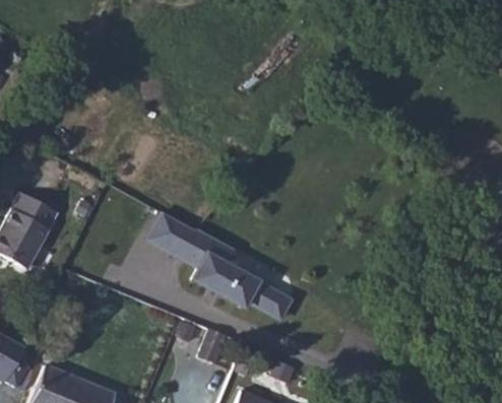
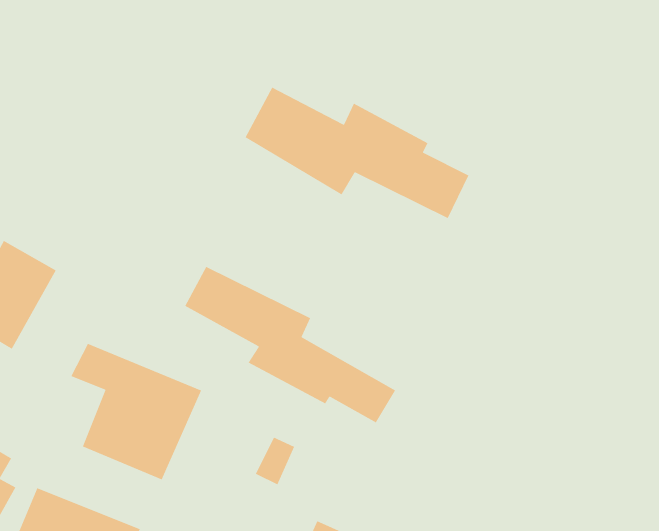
building: none -> [245,86,469,219]
building: none -> [70,343,202,481]

